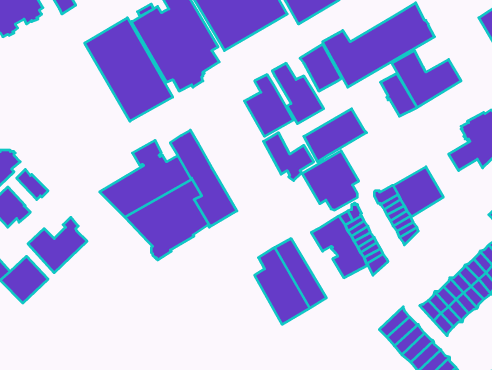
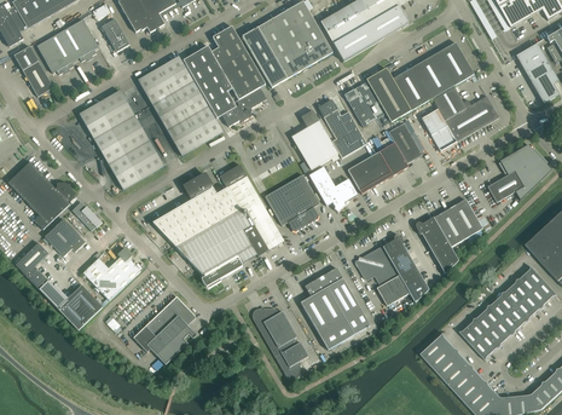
building: none -> [80,90,163,189]
building: none -> [388,122,422,163]
building: [302,151,359,210] -> [265,174,319,231]
building: none -> [133,296,196,364]
building: none -> [253,307,308,379]

